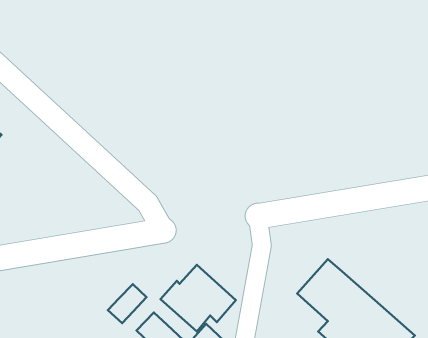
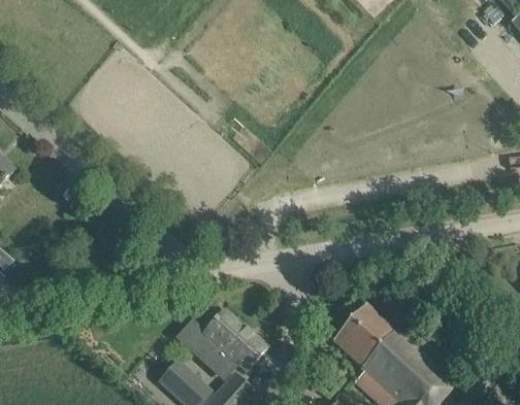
building: [108,284,146,323] -> none

